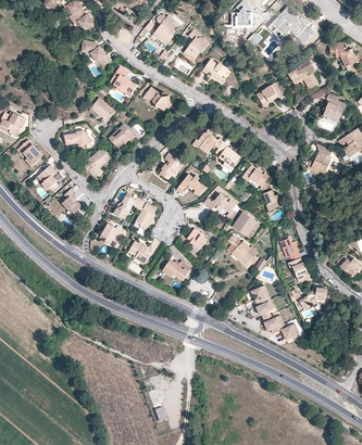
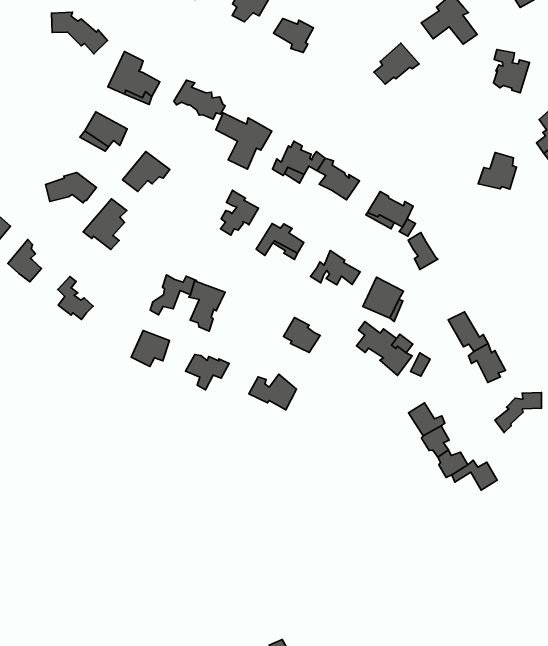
building: none -> [216,113,272,169]

